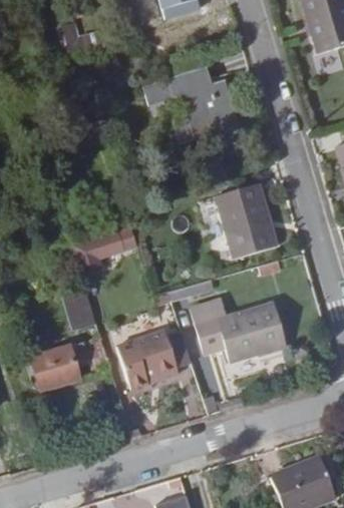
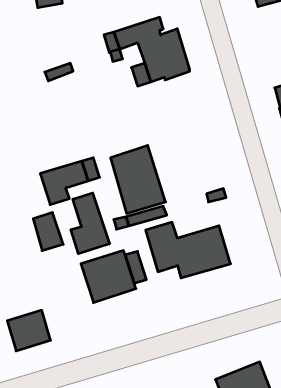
building: [215,181,277,259] -> [111,145,166,213]
building: none -> [71,193,109,254]
building: [30,345,79,391] -> [7,310,51,351]

